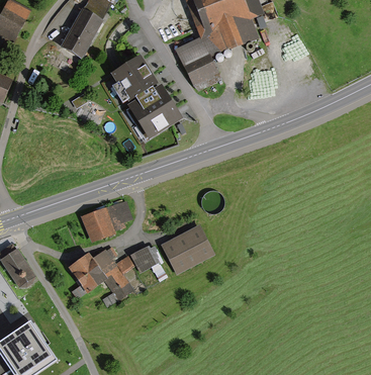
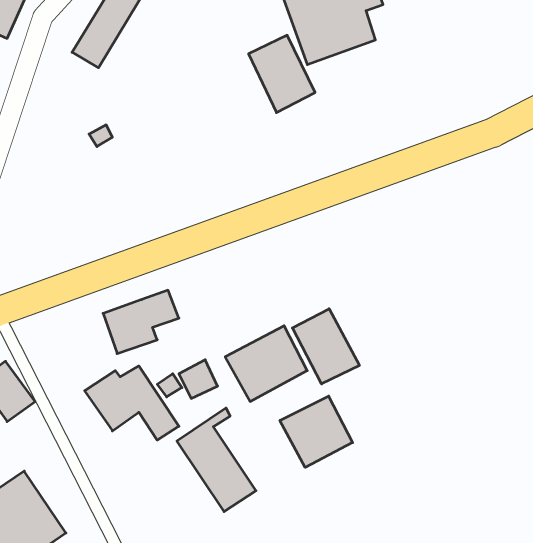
building: [111,55,184,139] -> none
building: none -> [292,309,359,384]
building: none -> [280,396,353,467]
building: none -> [177,408,256,512]

